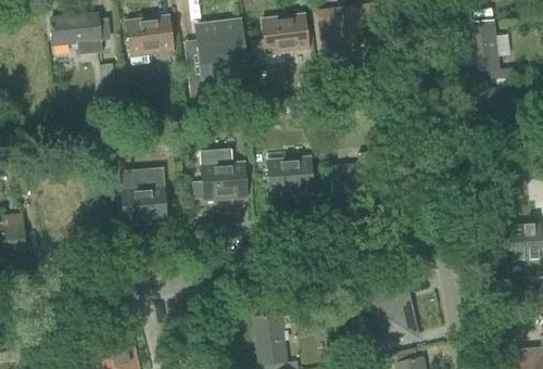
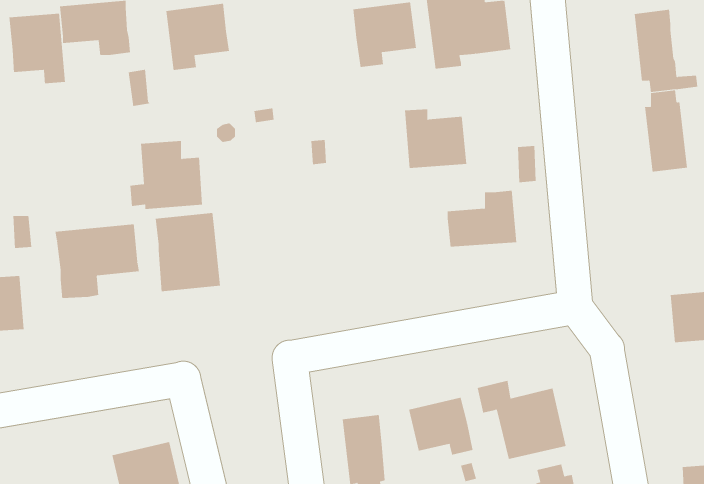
building: [197,20,245,75] -> none
building: none -> [9,13,65,84]
building: [193,149,247,199] -> [130,141,203,209]
building: [268,150,314,193] -> [404,109,467,169]
building: none -> [55,223,140,299]
building: none -> [409,397,473,456]

